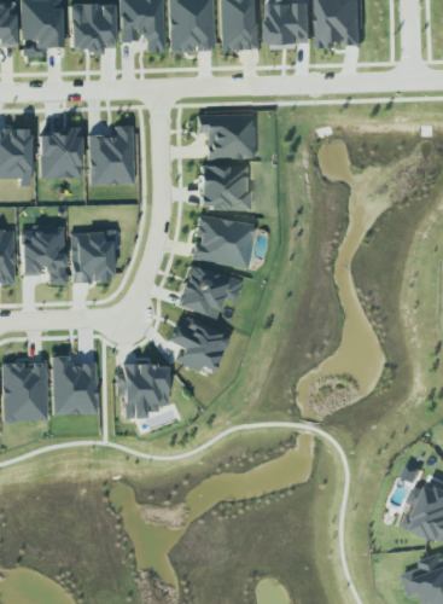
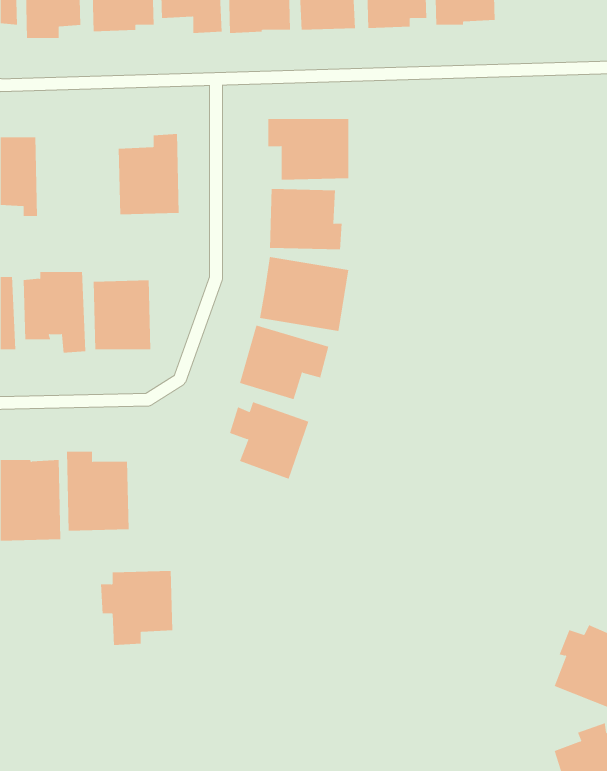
building: [37,126,78,178] -> none
building: [113,364,167,418] -> [100,571,173,646]

